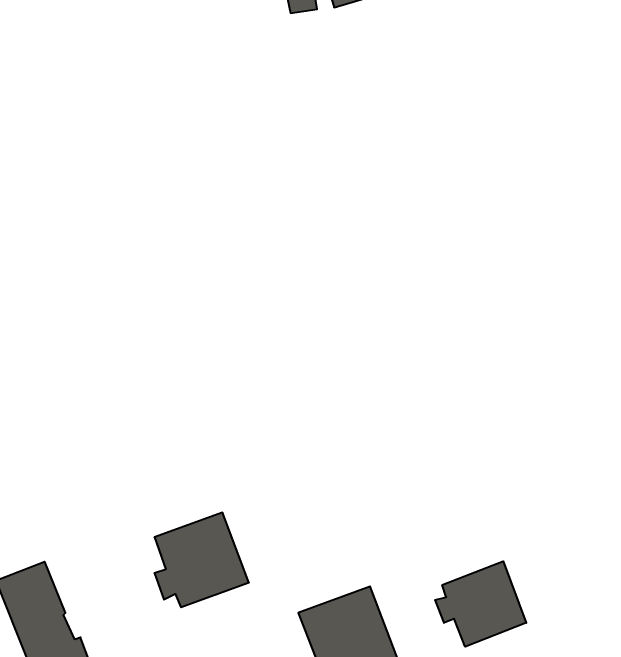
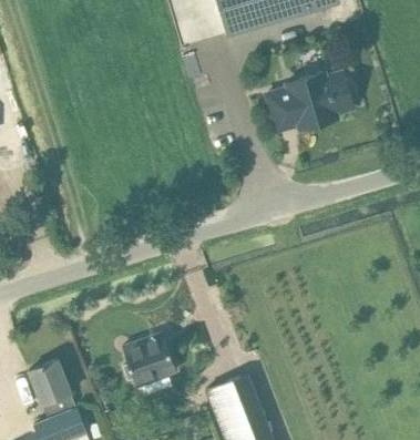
building: none -> [265,71,352,131]
building: [435,561,526,647] -> none

